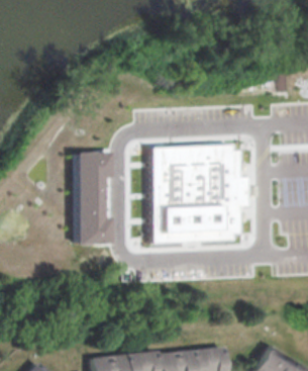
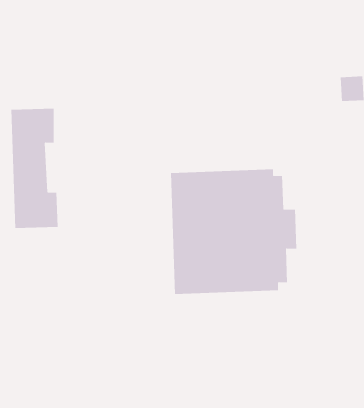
building: [75,152,112,246] -> [11,108,59,228]

